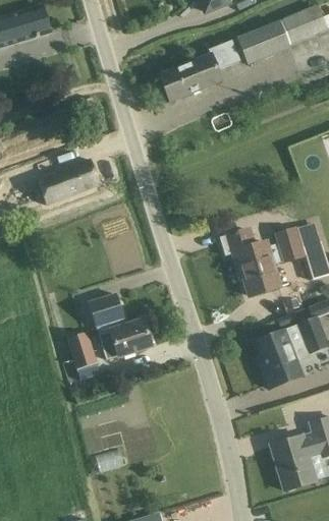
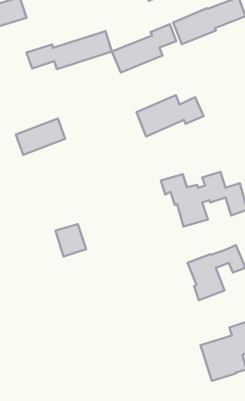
building: none -> [27,31,112,69]
building: none -> [136,95,204,136]
building: [98,319,153,359] -> none
building: [67,331,101,381] -> none

